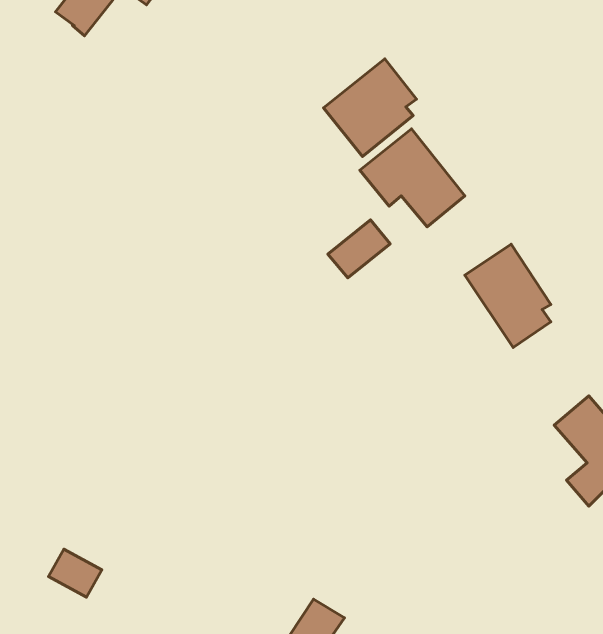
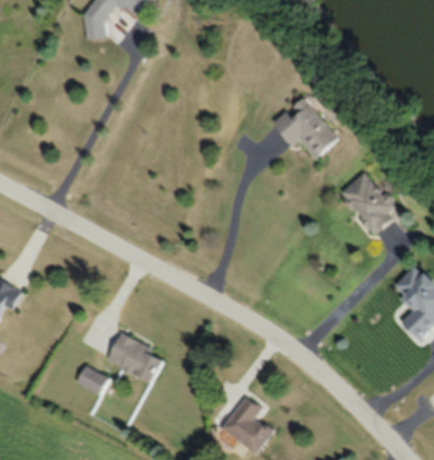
building: [324,59,417,157] -> none
building: [328,220,390,278] -> none
building: none -> [105,332,165,384]

